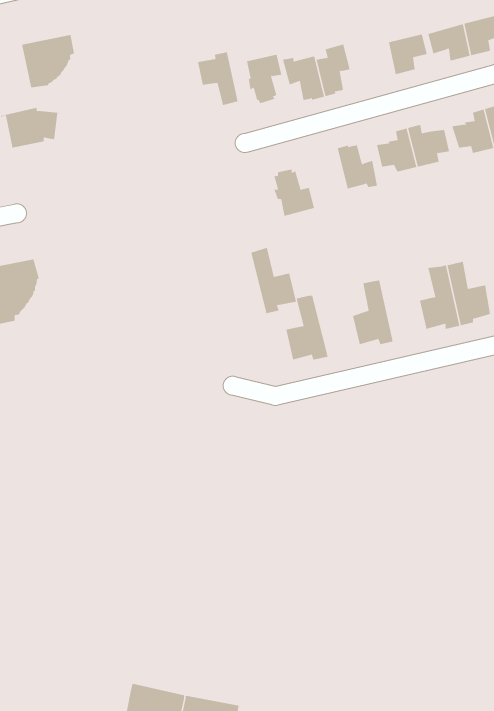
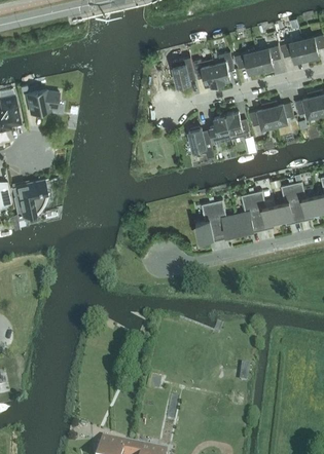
building: [21,34,75,108] -> none
building: none -> [236,49,261,72]
building: [198,52,238,106] -> none
building: none -> [210,113,232,142]
building: [251,247,297,314] -> [212,198,240,238]
building: none -> [252,190,280,229]

